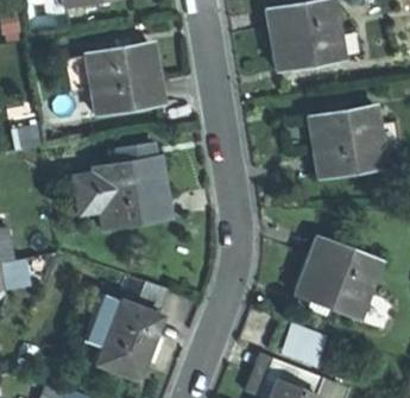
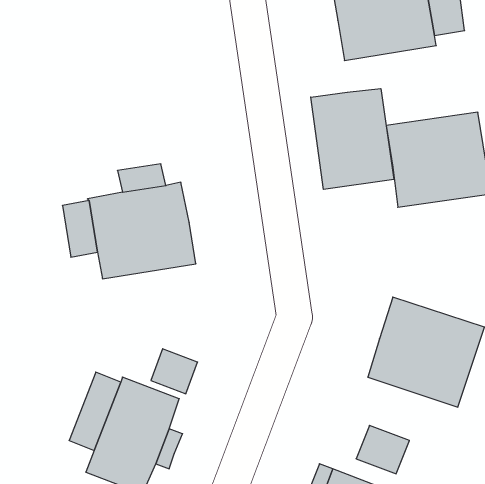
building: [83,42,163,115] -> none
building: none -> [311,89,394,189]

